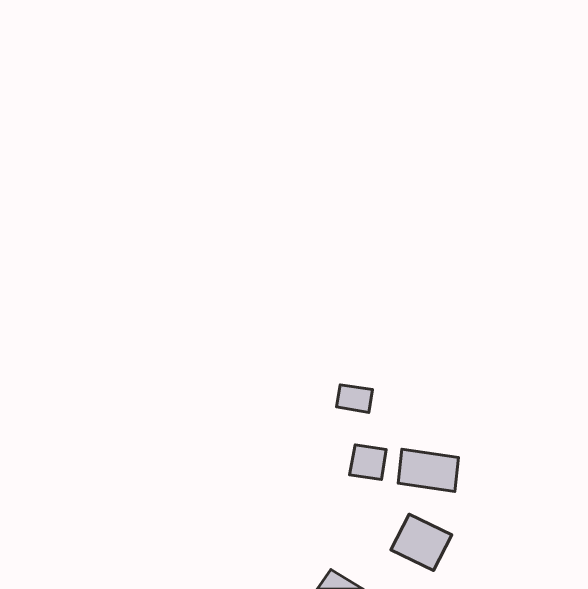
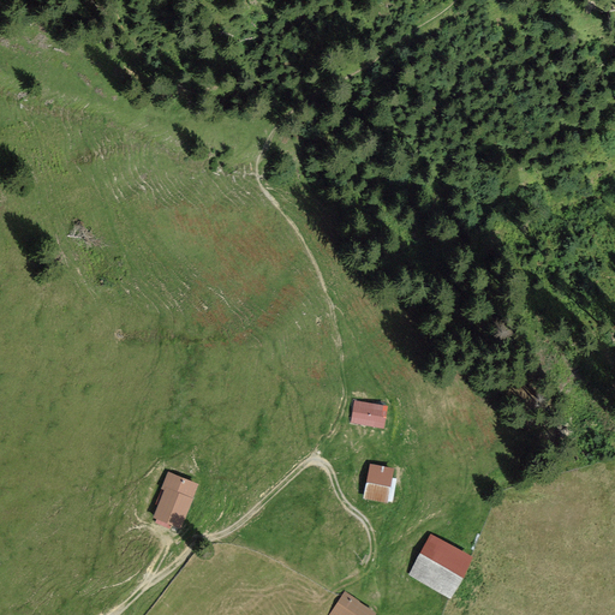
building: [398,449,459,491] -> none
building: none -> [153,473,195,525]

